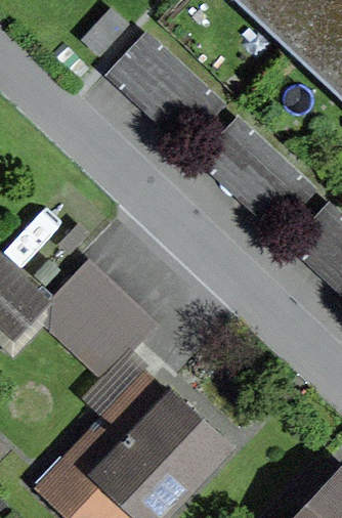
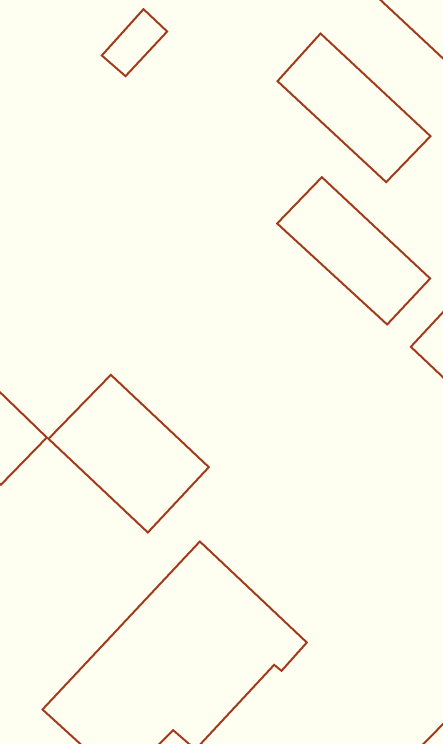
building: [110,38,215,140] -> [278,34,431,182]

